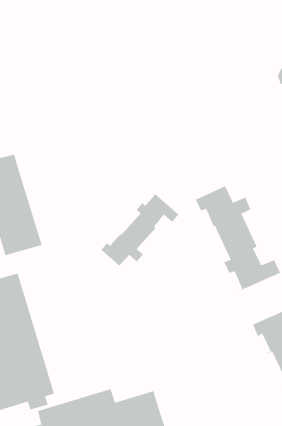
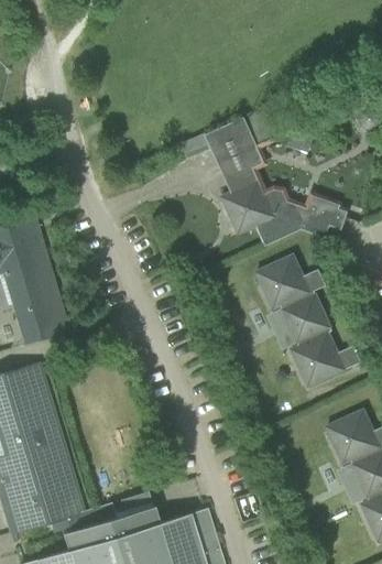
building: none -> [205,120,348,247]
building: [100,191,179,267] -> none

